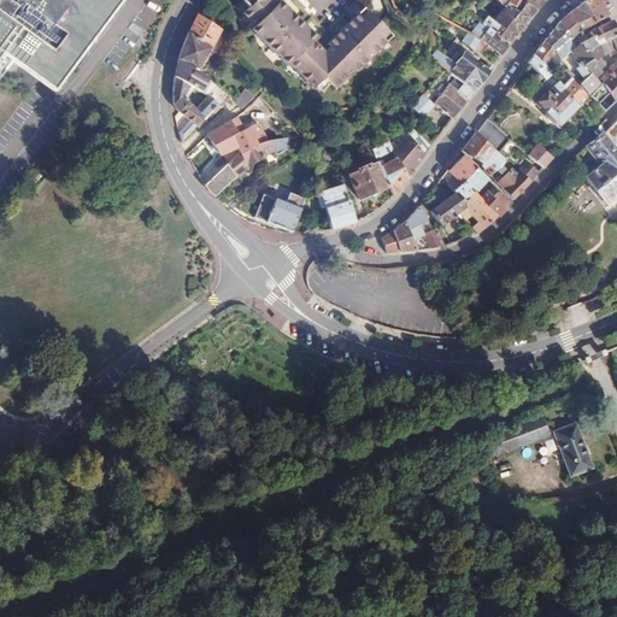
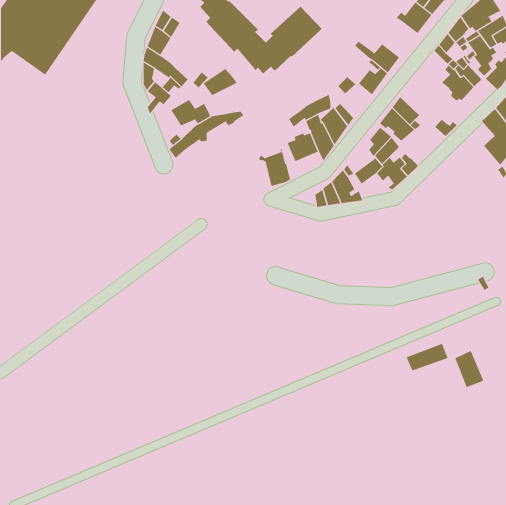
building: [462,25,509,52] -> none
building: none -> [203,68,237,96]
building: none -> [288,94,331,127]
building: [498,161,539,198] -> none
building: [255,193,301,230] -> none

